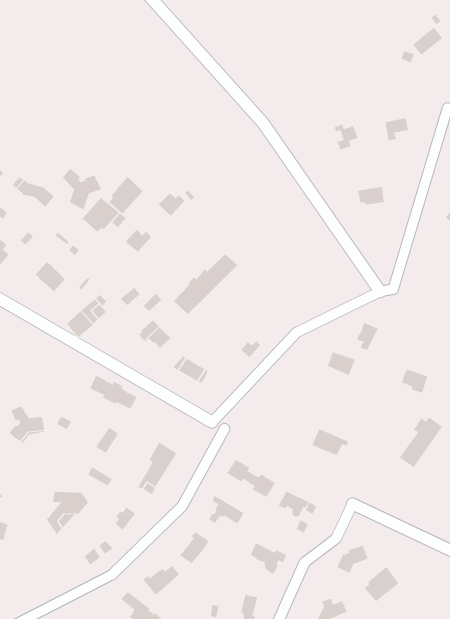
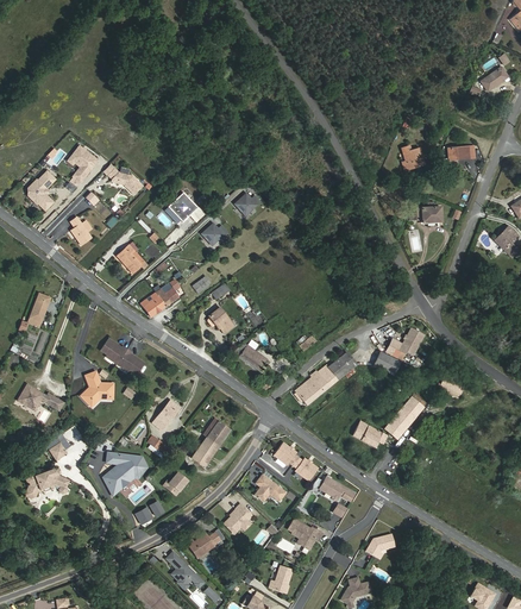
building: [62,168,102,210] -> none
building: [108,176,143,215] -> none
building: [173,253,238,315] -> [295,352,357,404]
building: [89,375,137,409] -> [100,337,143,371]
building: [399,416,443,468] -> [383,394,426,439]
building: [364,566,399,602] -> none

